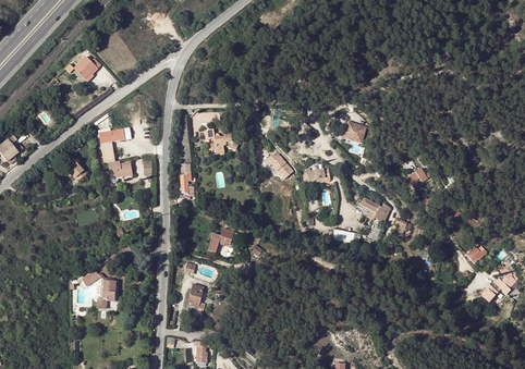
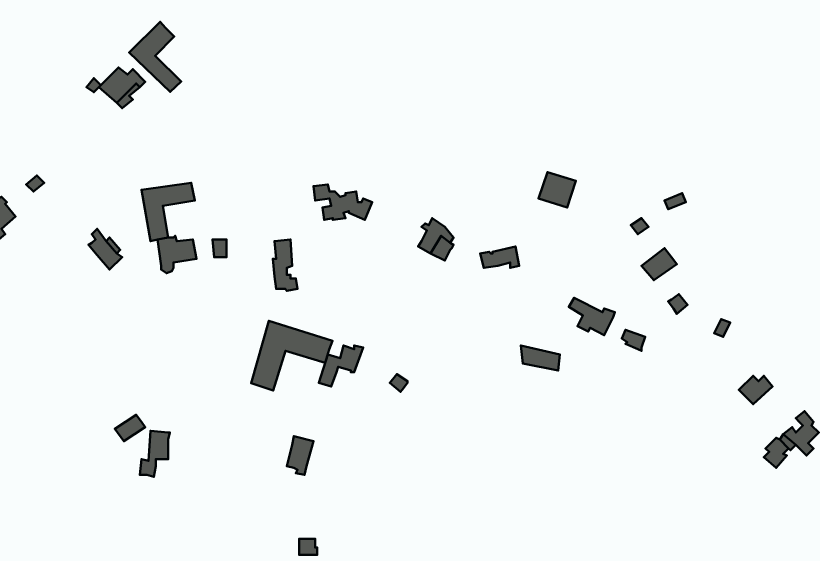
building: none -> [129,22,181,92]
building: none -> [251,321,333,391]

